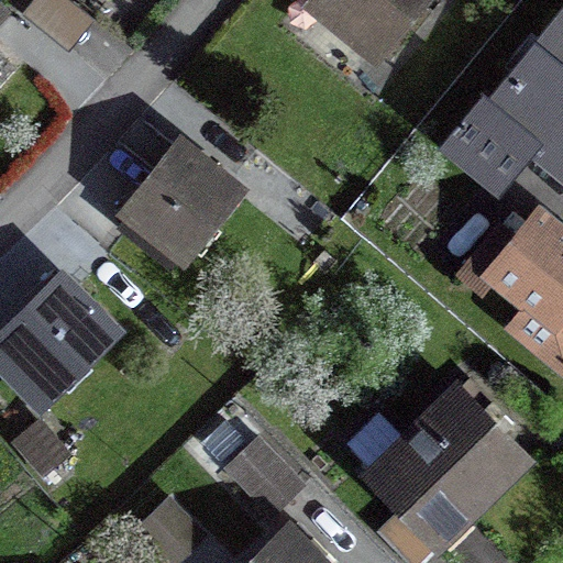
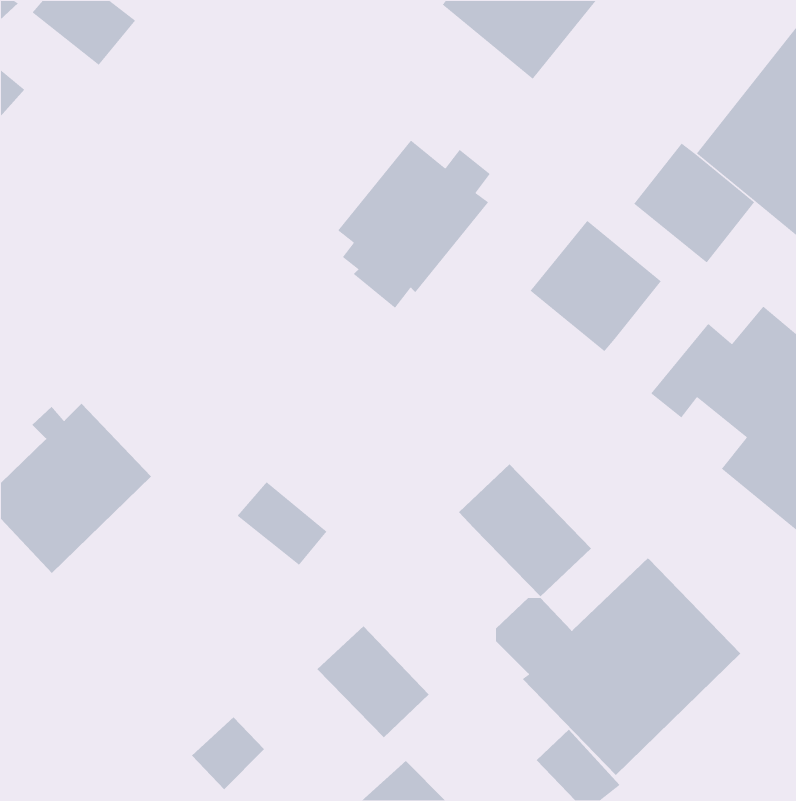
building: [129,148,236,267] -> [337,139,491,309]
building: none -> [530,220,662,352]
building: none -> [458,463,592,597]

